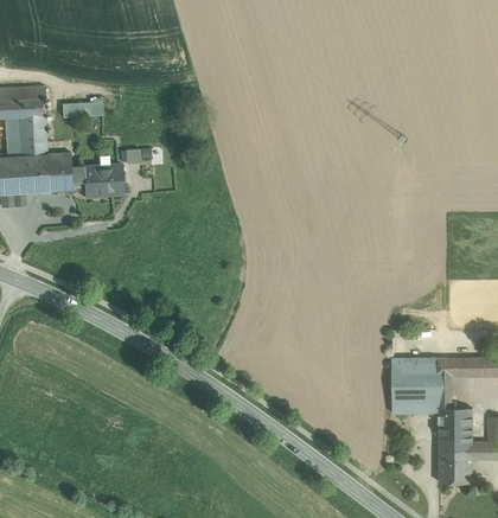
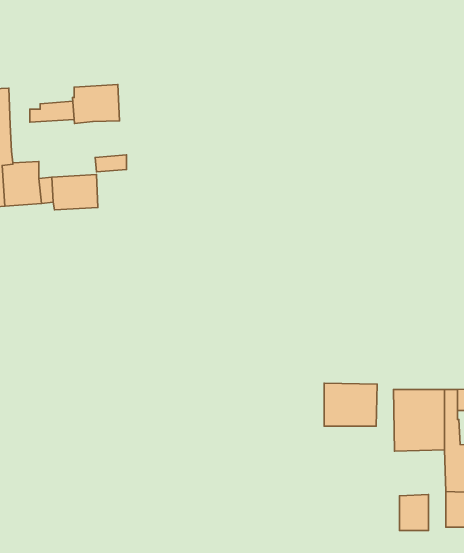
building: none -> [73,84,120,124]
building: none -> [324,383,377,426]
building: none -> [400,494,428,531]

